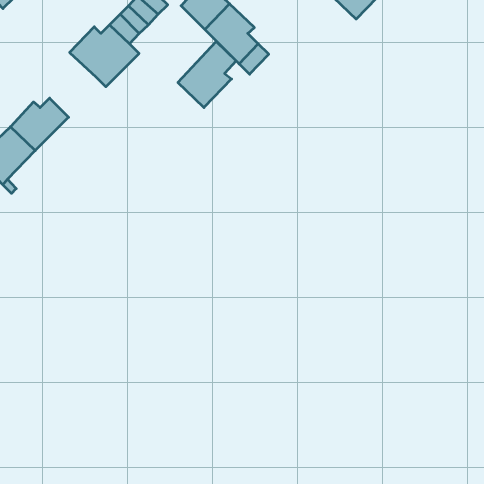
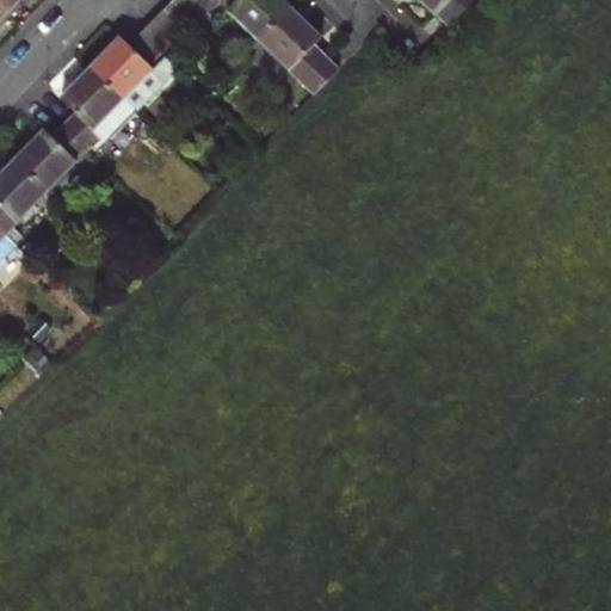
building: [178,41,236,108] -> none
building: none -> [57,66,132,147]

